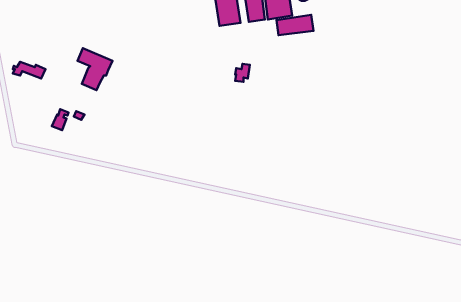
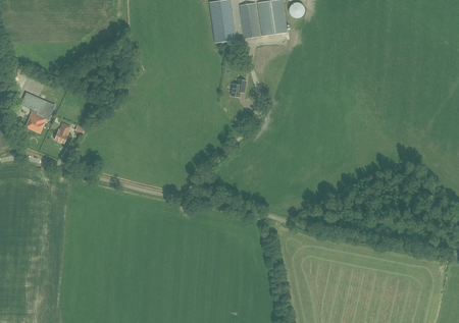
building: [276,15,314,35] -> none
building: [78,48,112,90] -> [21,92,55,132]

